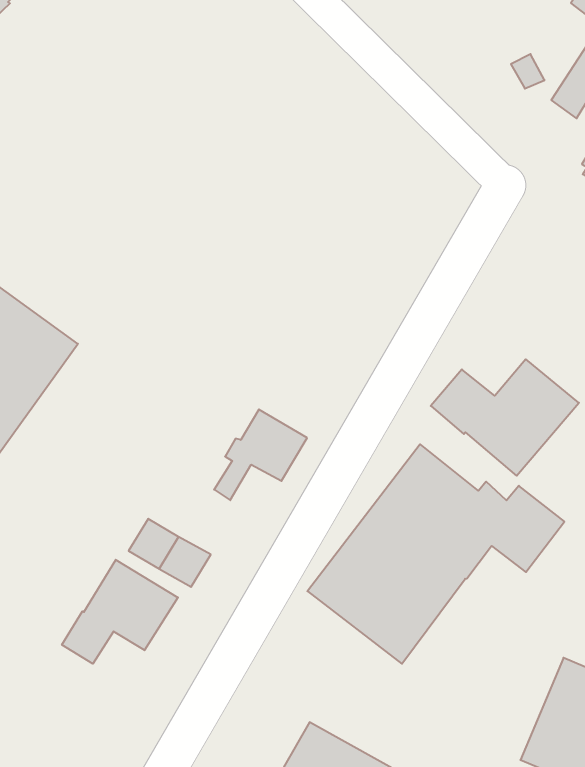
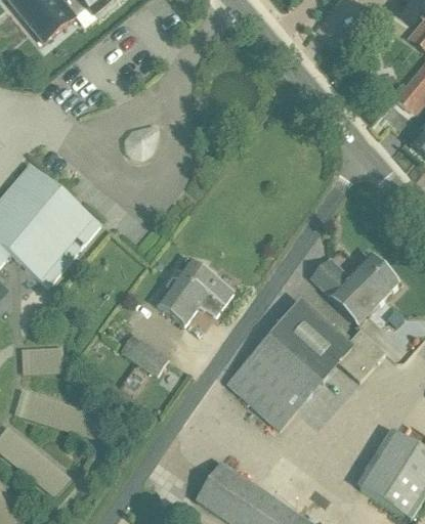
building: none -> [157,260,206,317]
building: [62,560,178,664] -> none

